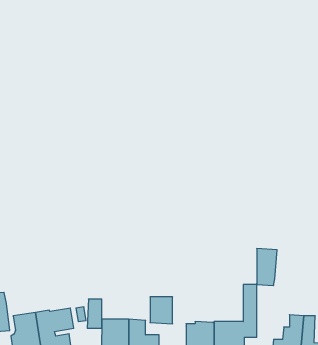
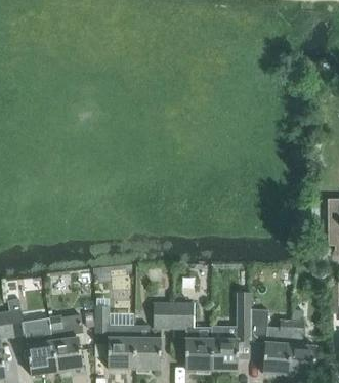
building: [257,249,277,286] -> [249,308,267,342]
building: none -> [172,303,193,328]

